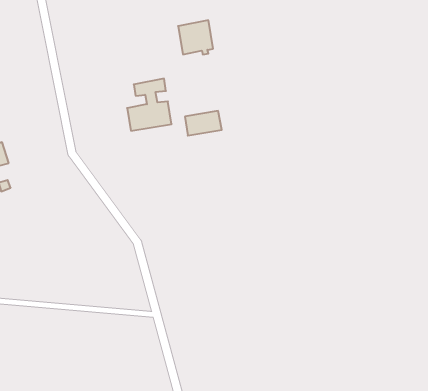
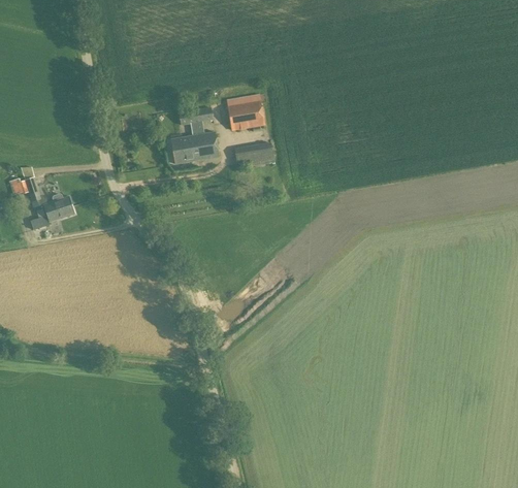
building: [178,20,213,54] -> [226,93,264,130]
building: none -> [43,193,73,221]

